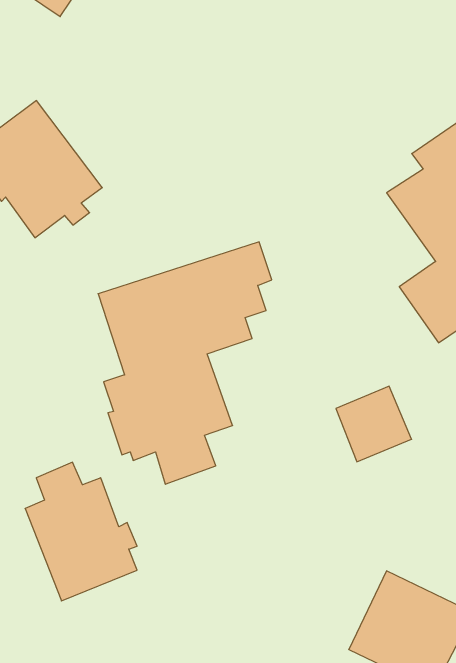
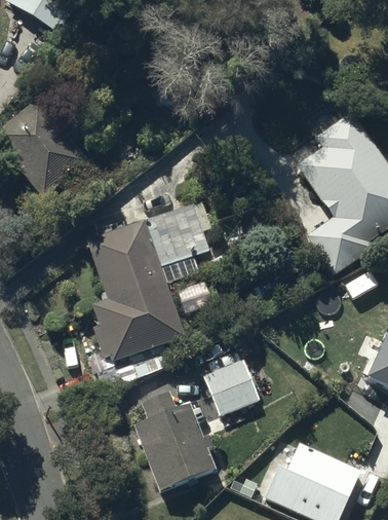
building: [336,386,412,462] -> [205,367,261,422]
building: [25,462,137,601] -> [133,395,216,496]

